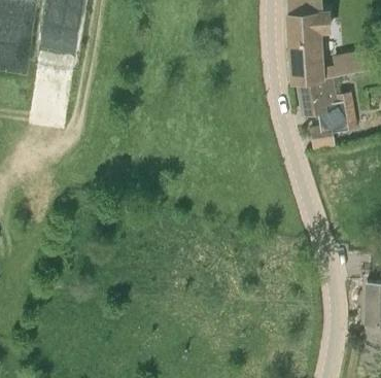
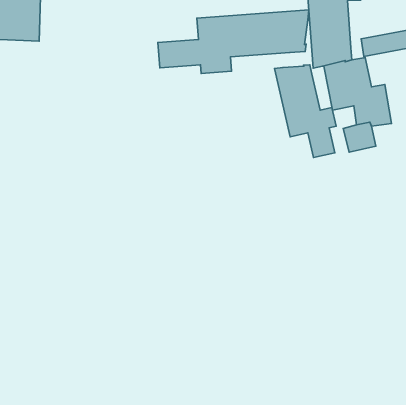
building: none -> [158,10,309,73]
building: none -> [274,65,336,158]

